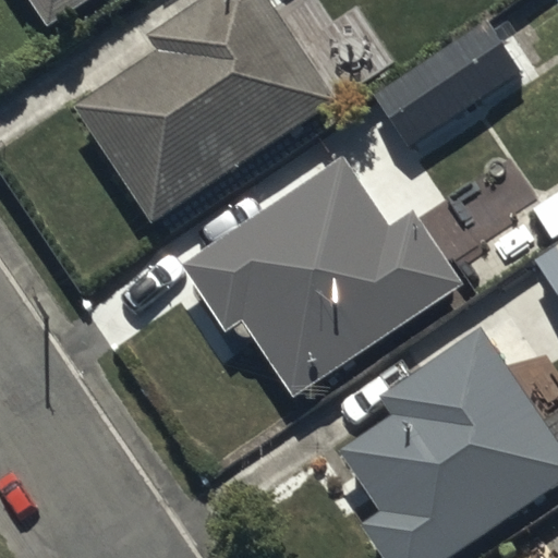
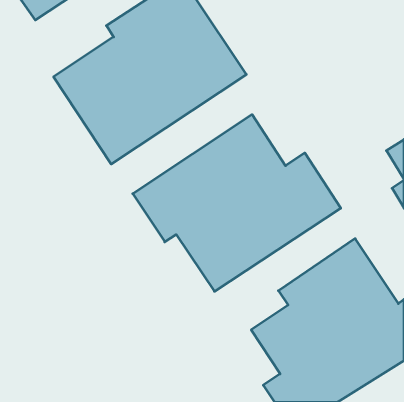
building: [371,13,518,143] -> none

